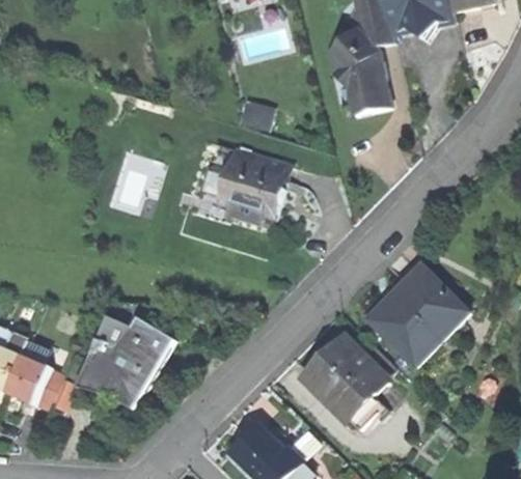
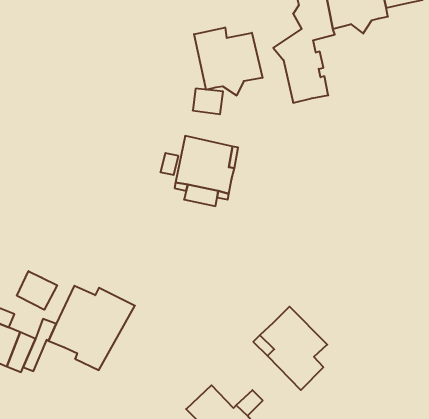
building: none -> [194,27,262,96]
building: [367,262,468,363] -> none
building: none -> [17,271,57,310]

